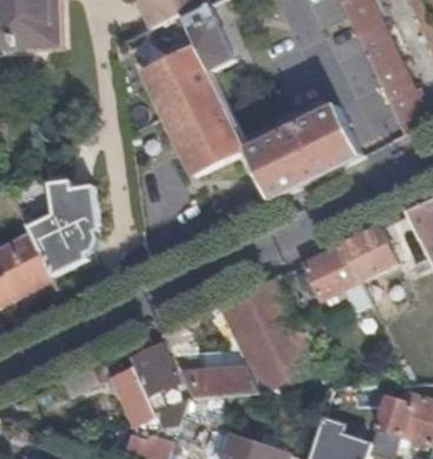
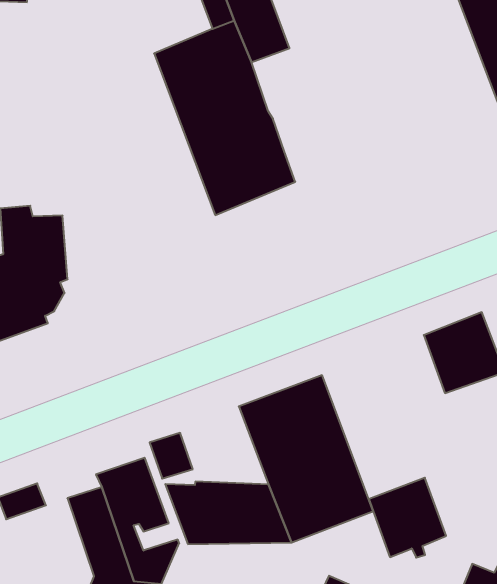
building: [246,105,358,198] -> none
building: [304,243,358,298] -> [369,478,446,558]

